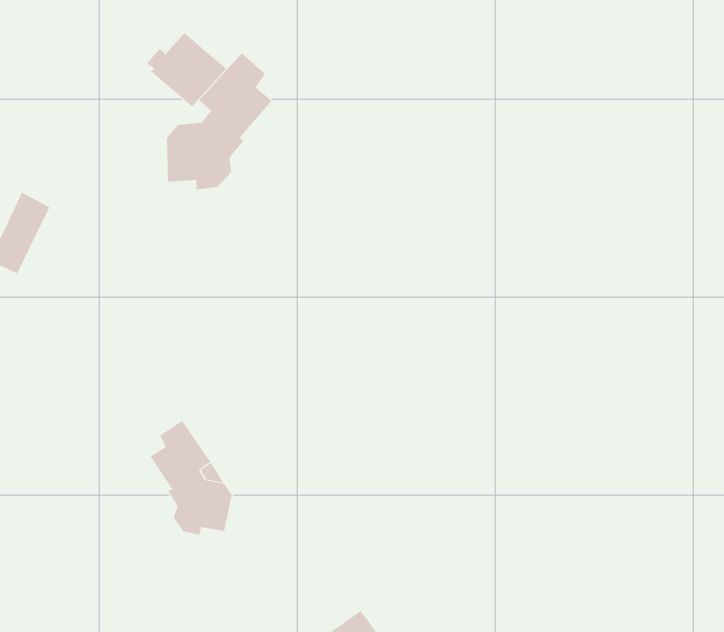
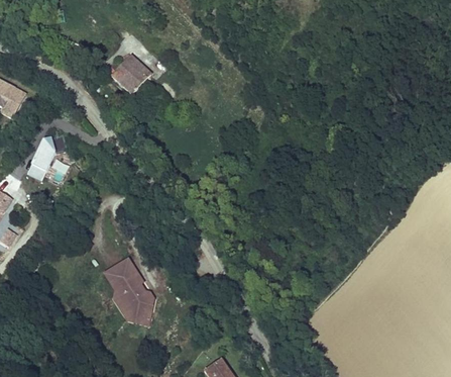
building: [166,52,272,190] -> none
building: none -> [105,266,150,324]

